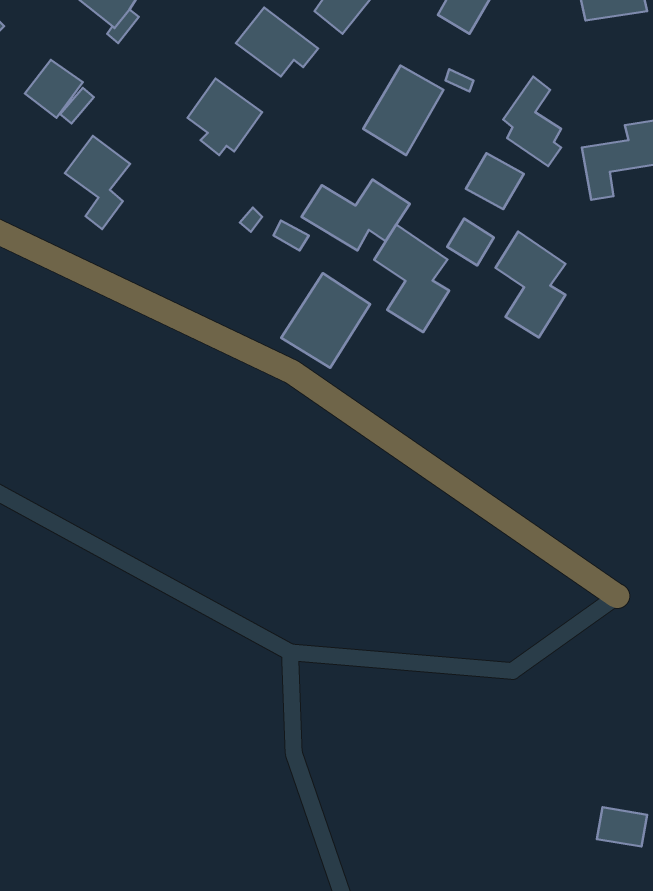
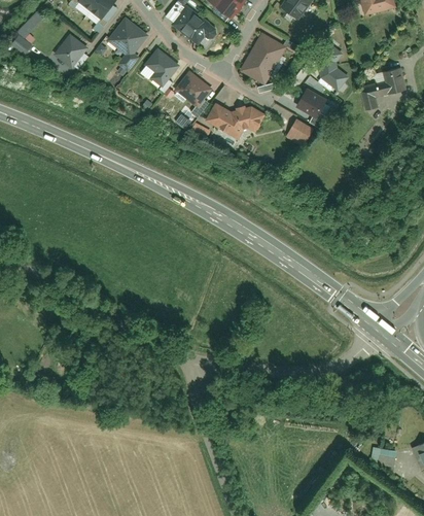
building: none -> [175,72,210,106]
building: [65,136,130,229] -> [107,21,143,72]
building: [374,225,449,332] -> none
building: [496,232,565,337] -> none
building: [281,273,370,368] -> none

